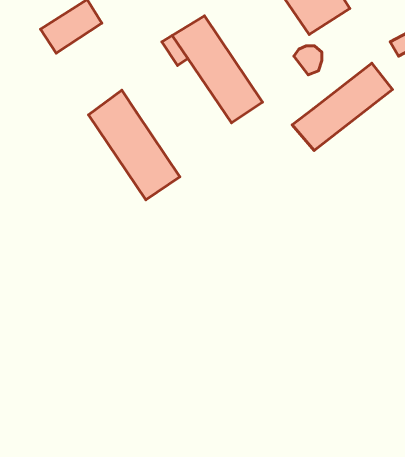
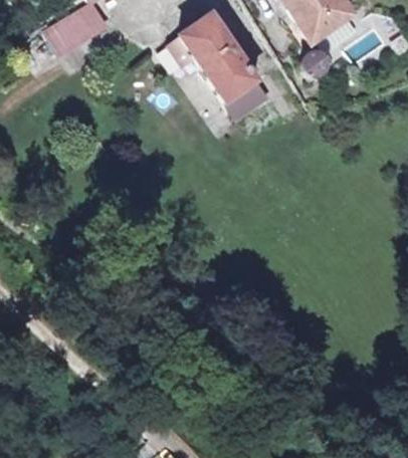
building: [292,63,393,151] -> none
building: [89,90,180,200] -> none

